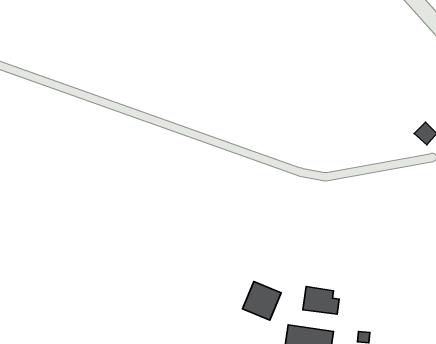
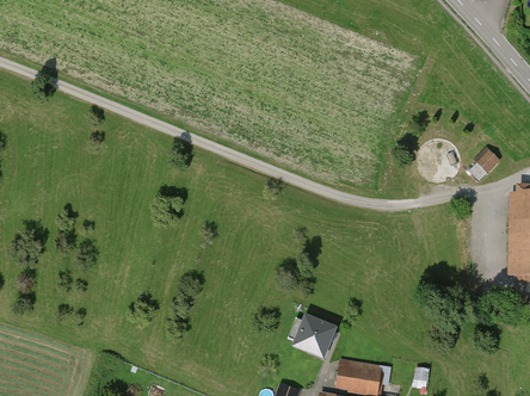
building: [303,287,339,314] -> none

